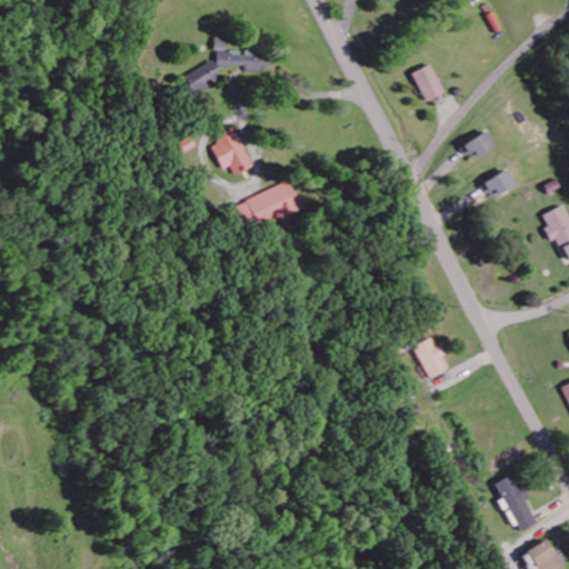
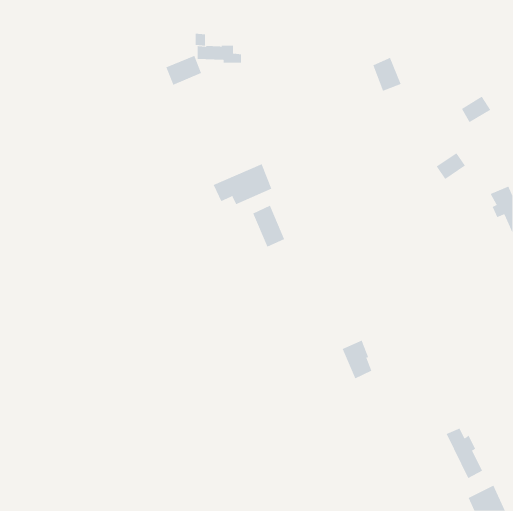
building: [209,129,254,176] -> none
building: [462,131,496,161] -> [461,96,491,123]
building: none -> [252,205,285,247]
building: [411,335,445,378] -> [342,340,372,379]

